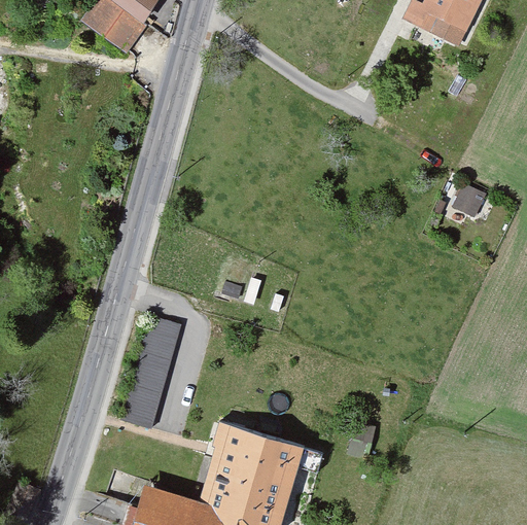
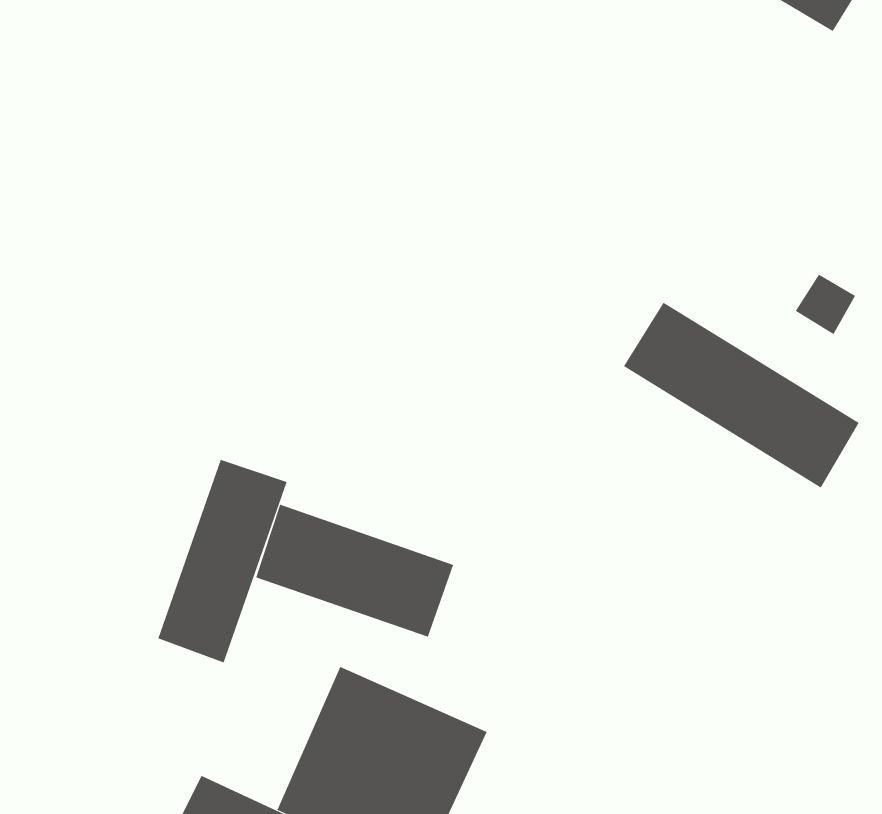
building: none -> [623,302,860,489]
building: none -> [255,504,454,637]

